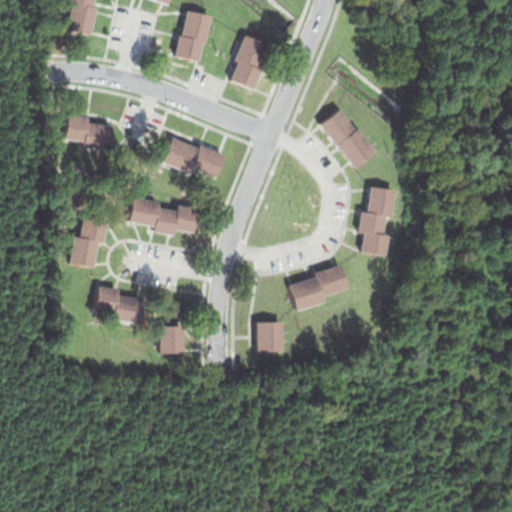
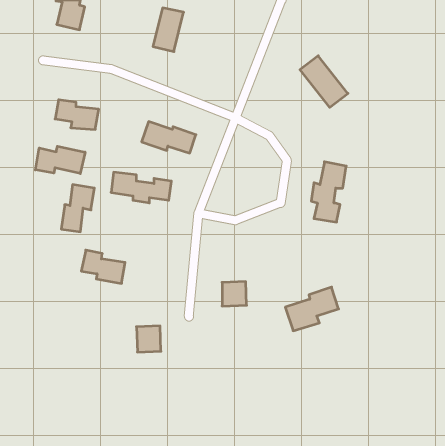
building: [230,35,266,91] -> none
building: [320,108,375,167] -> [300,56,348,107]
building: none -> [35,146,85,174]
building: [287,262,348,312] -> [285,287,339,331]
building: [159,325,187,355] -> [136,326,161,352]

